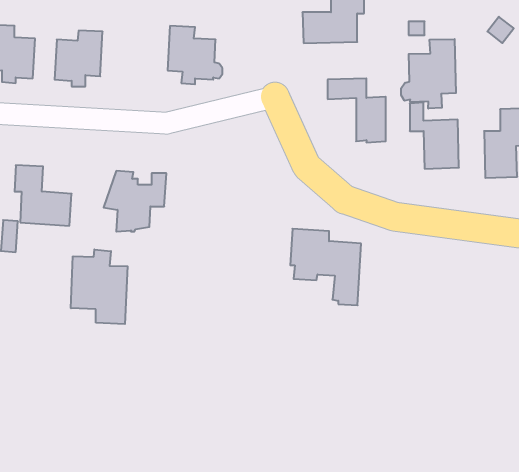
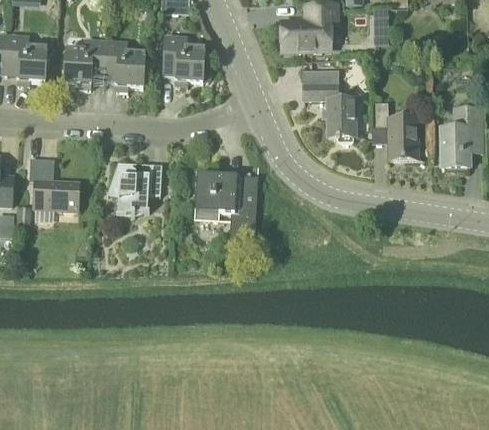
building: none -> [104,40,145,91]
building: [401,39,456,109] -> none
building: [290,229,361,305] -> [195,172,257,239]
building: [71,249,128,324] -> none

